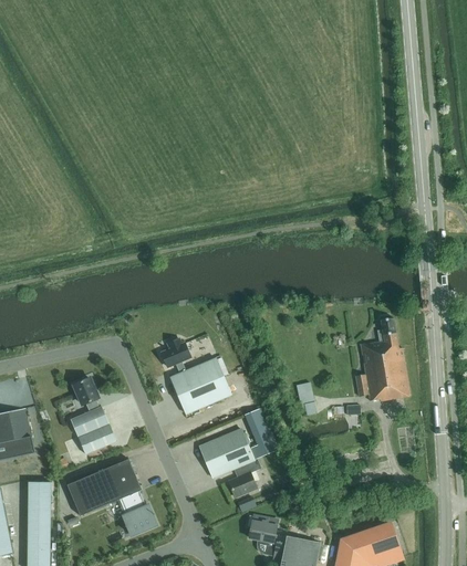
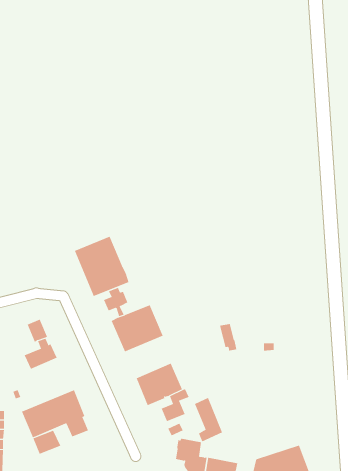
building: none -> [74,236,129,297]
building: [356,316,411,399] -> none
building: [246,406,279,458] -> [194,397,223,442]
building: [79,421,117,452] -> none
building: [124,504,157,533] -> [33,430,61,455]

